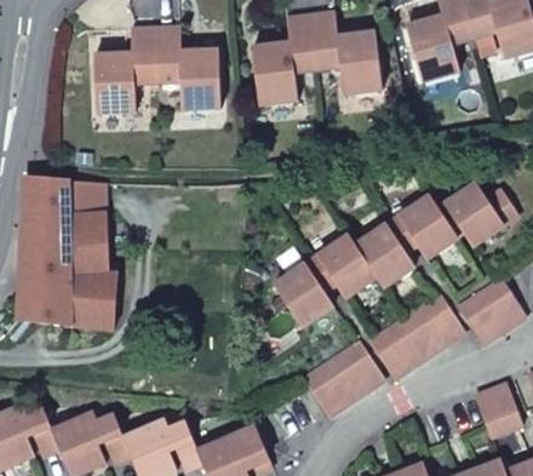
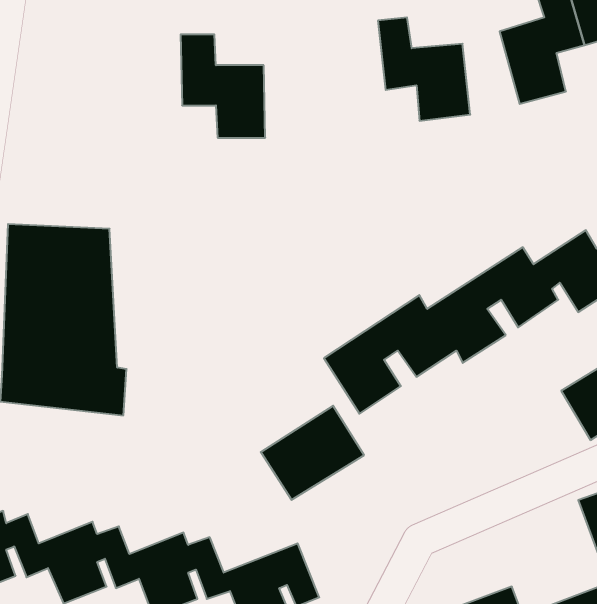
building: [258,17,321,104] -> none
building: [99,28,161,114] -> none
building: [369,296,465,379] -> none
building: [302,342,383,415] -> [261,406,364,500]

